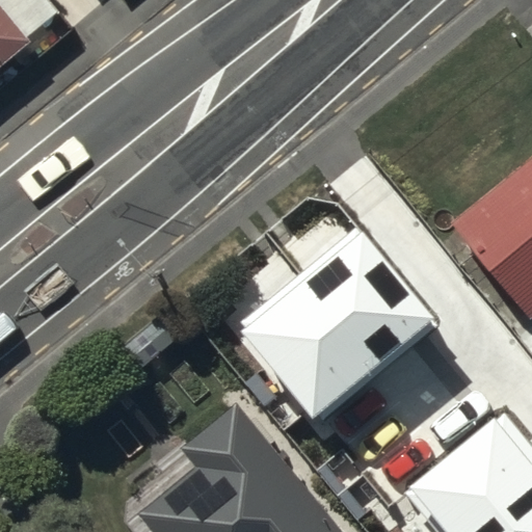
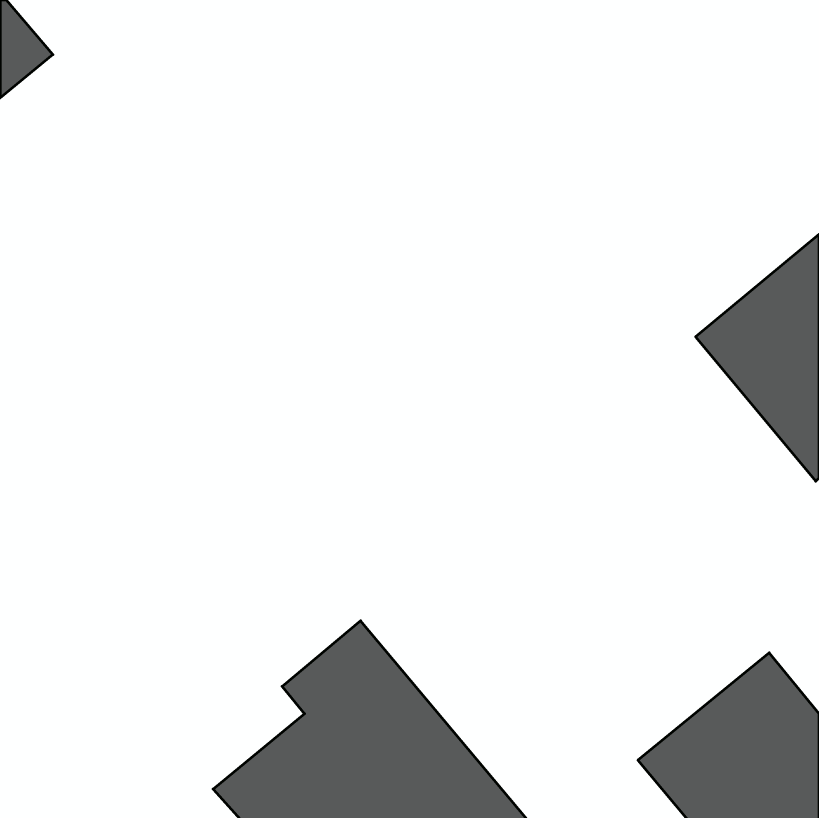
building: [246,237,438,423] -> none

